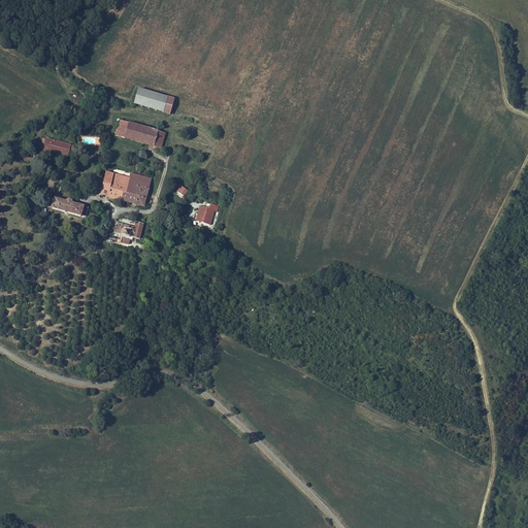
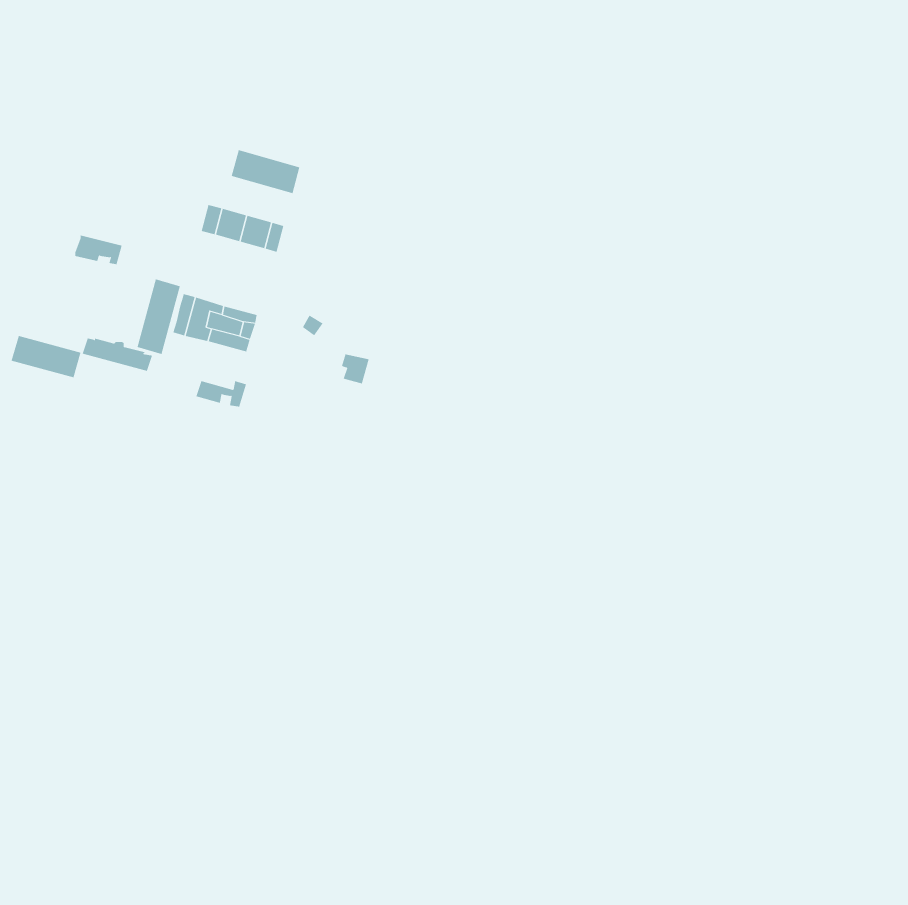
building: none -> [137,278,180,355]
building: none -> [11,335,81,378]

